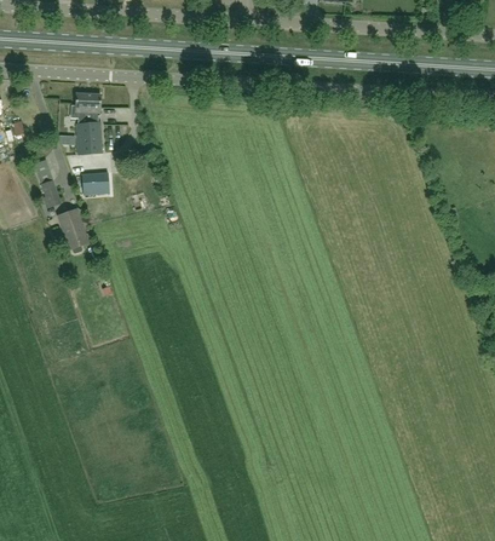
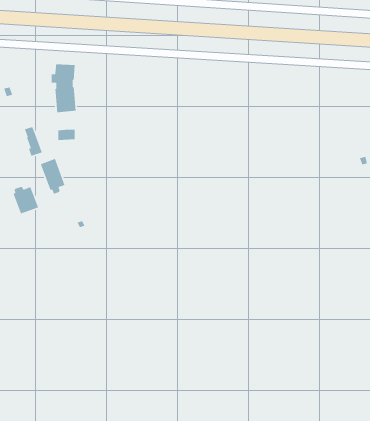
building: none -> [13,186,39,215]

